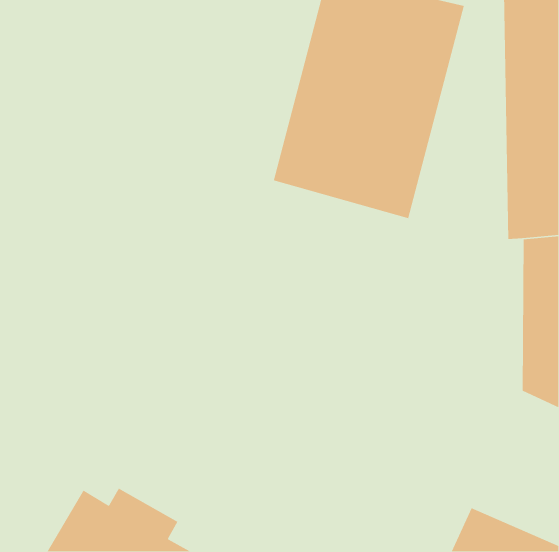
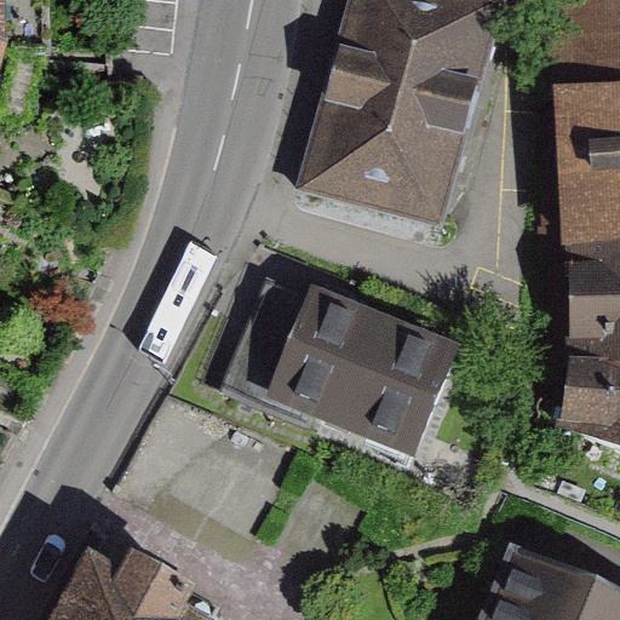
building: none -> [223,270,453,453]

